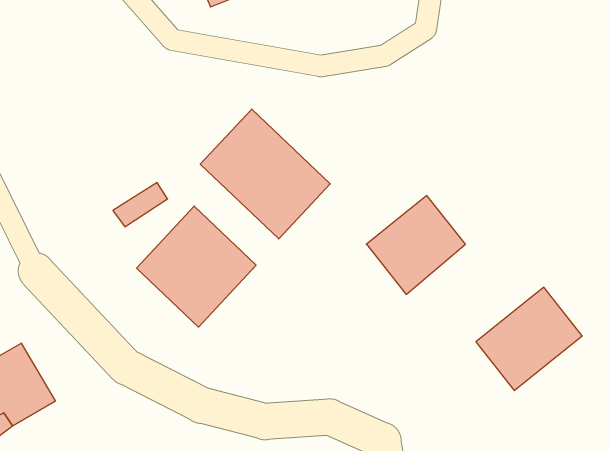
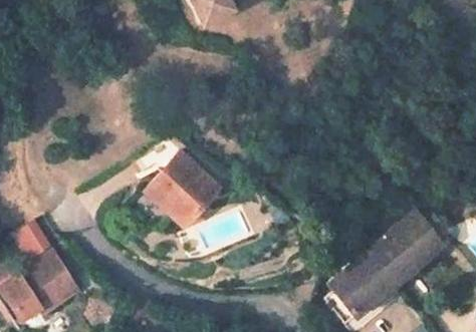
building: [200,109,330,239] -> none
building: [366,196,465,294] -> [328,249,396,316]

